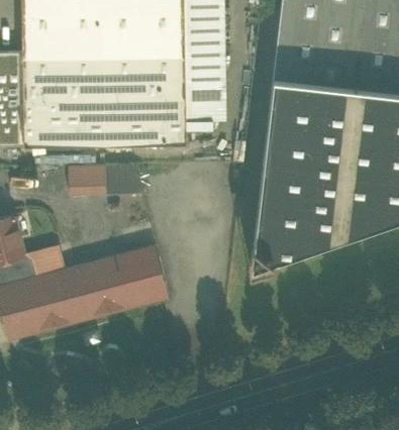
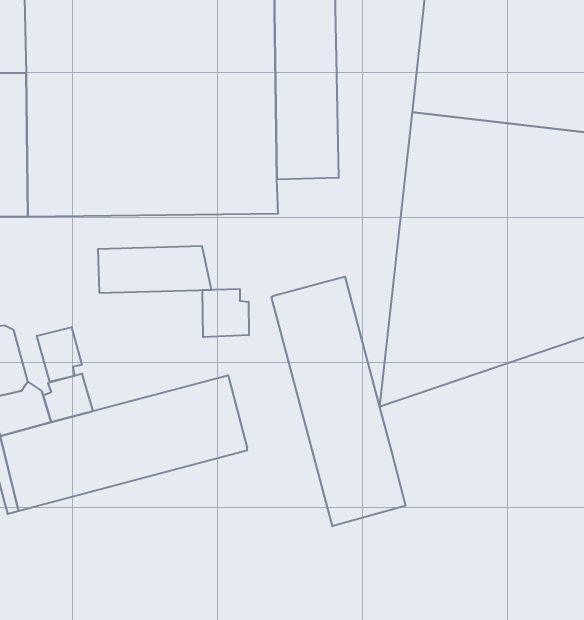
building: none -> [272,277,406,526]
building: none -> [202,289,249,337]
building: none -> [37,327,82,382]

